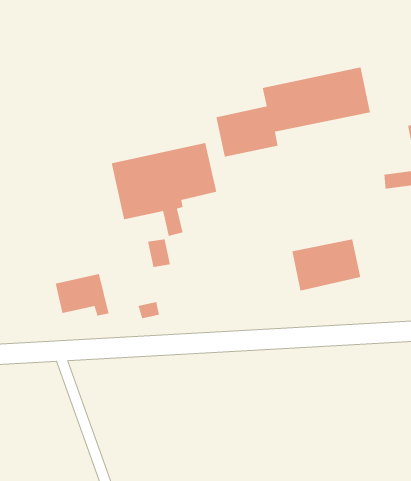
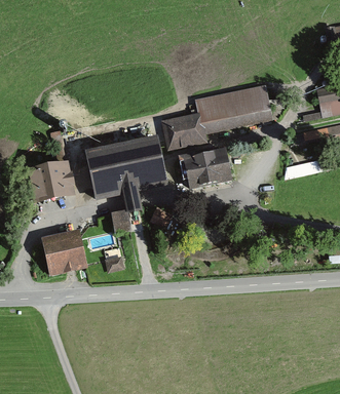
building: none -> [27,160,76,203]
building: [291,238,361,291] -> [184,150,235,189]

